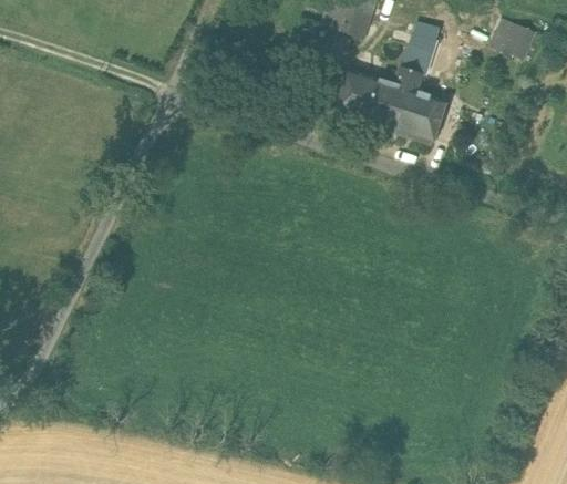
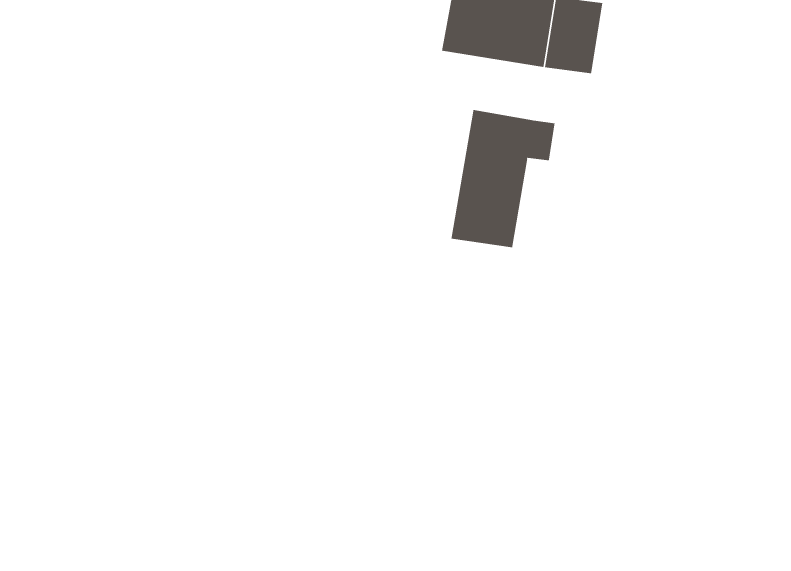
building: none -> [451,109,555,248]

